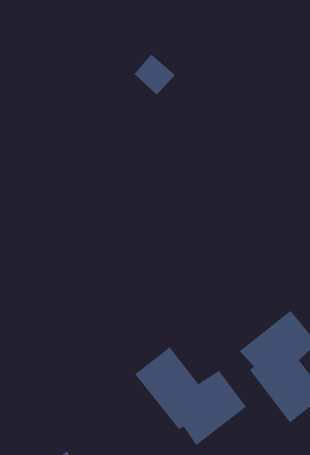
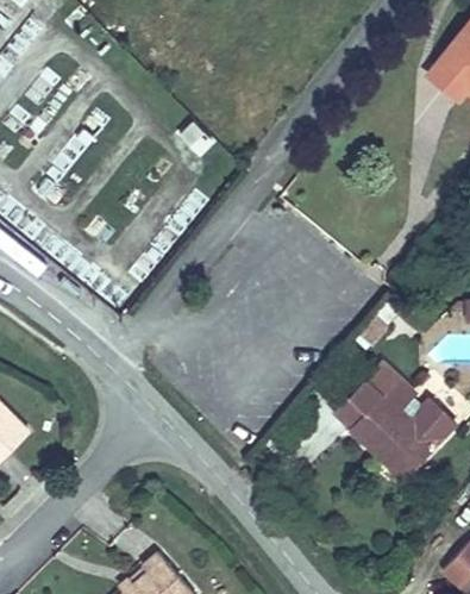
building: [134,346,247,446] -> none

